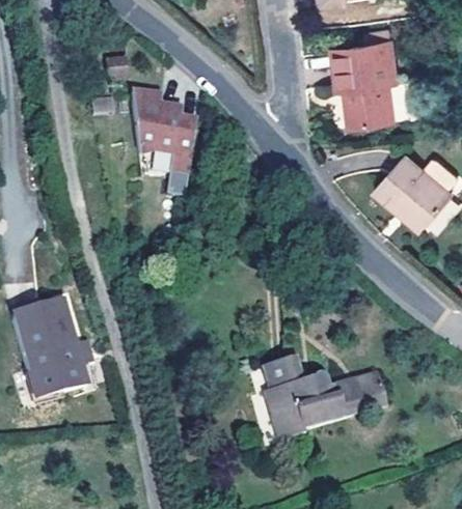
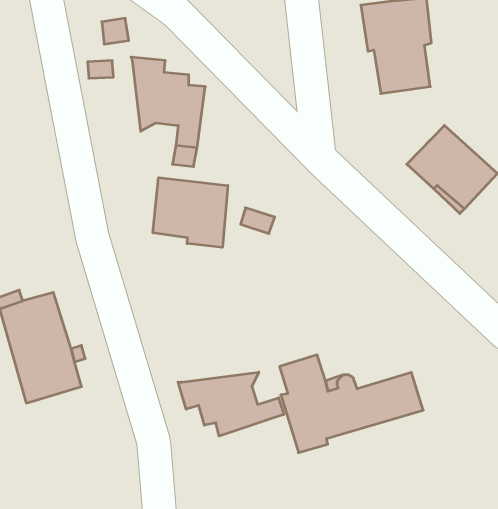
building: none -> [153,178,228,247]
building: none -> [178,372,284,436]

